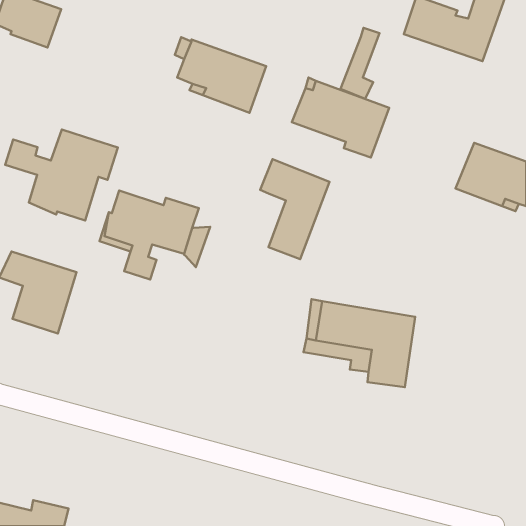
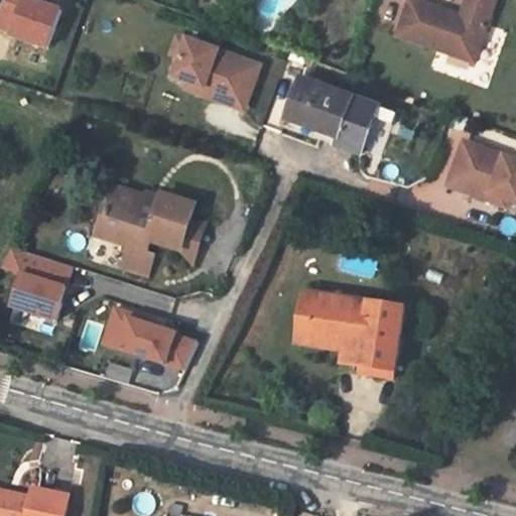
building: [341,28,379,99] -> none
building: [5,130,118,220] -> none
building: [260,159,329,259] -> none
building: none -> [102,303,197,370]

